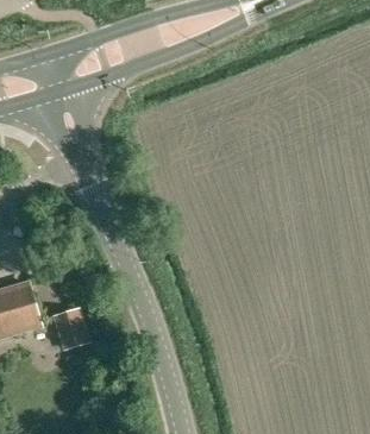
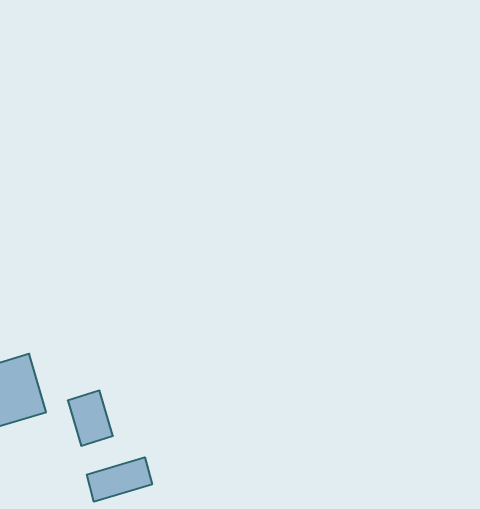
building: none -> [87,457,152,502]

